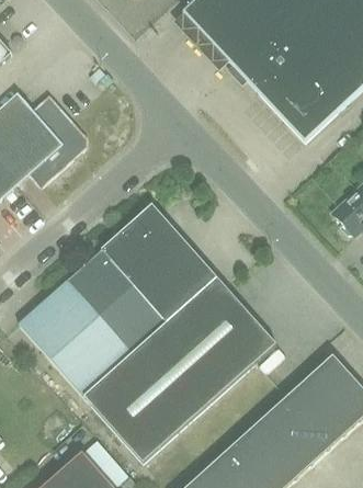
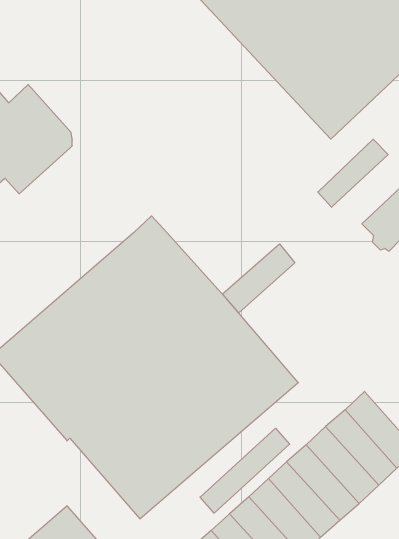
building: none -> [318,139,388,207]
building: none -> [222,244,295,313]
building: none -> [200,428,290,513]

